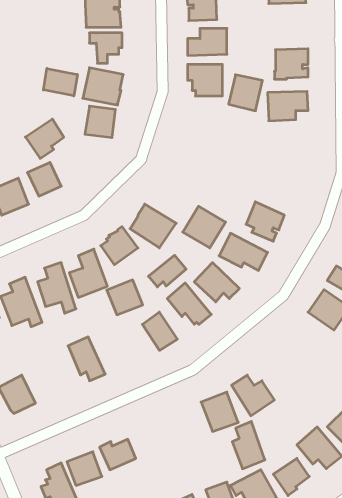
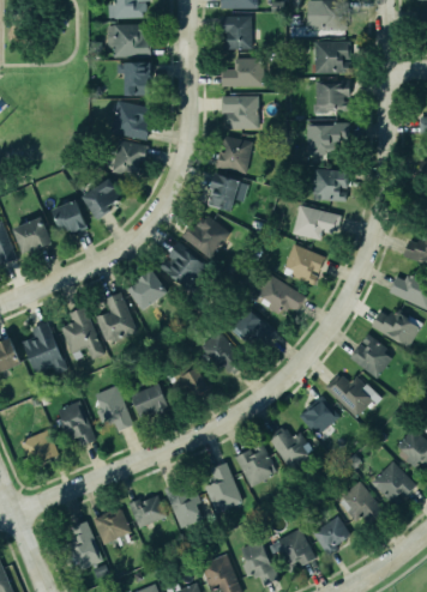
building: none -> [313,42,349,74]
building: [43,68,77,96] -> none
building: [229,75,262,111] -> [216,137,252,175]
building: [25,119,64,158] -> [80,179,121,221]
building: none -> [312,169,347,201]
building: none -> [208,174,240,211]
building: none -> [291,206,341,241]
building: [183,206,226,248] -> [184,215,229,259]
building: [148,255,186,287] -> none
building: [107,280,143,315] -> [132,385,170,422]
building: none -> [325,374,372,417]
building: none -> [299,397,339,437]
building: none -> [59,401,94,446]
building: [232,421,265,469] -> [206,463,241,513]
building: none -> [164,481,203,528]

